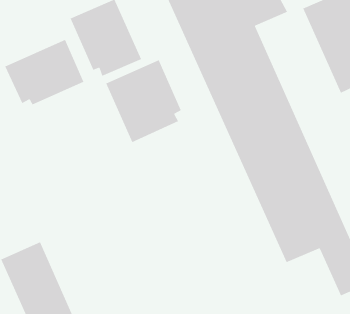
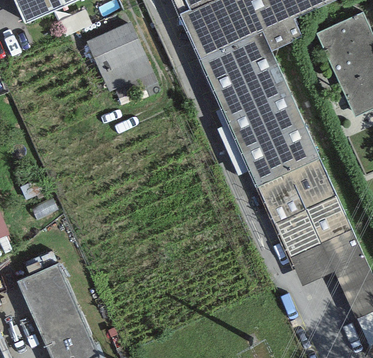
building: [4,39,85,105] -> none
building: [105,59,182,143] -> none

